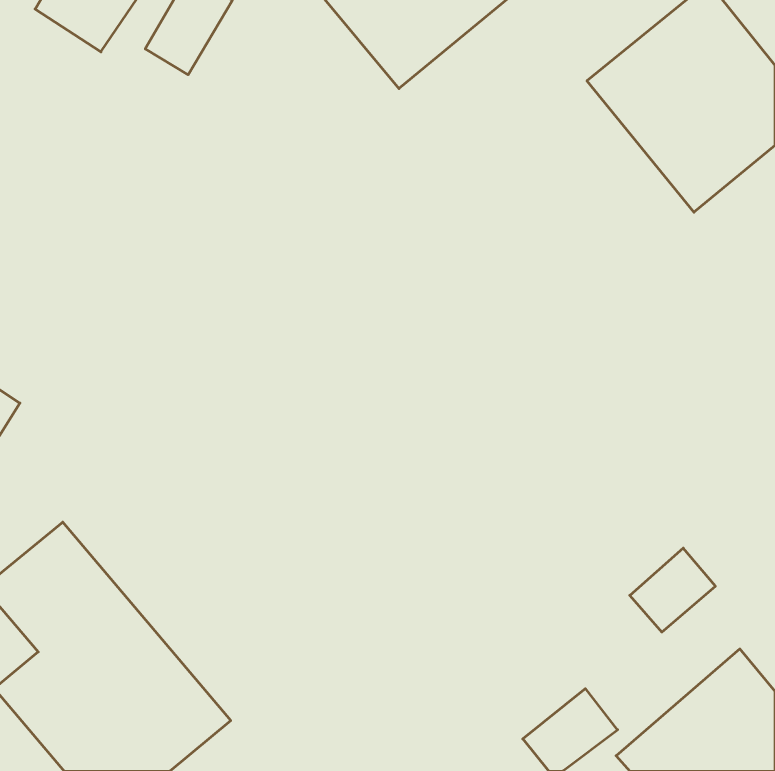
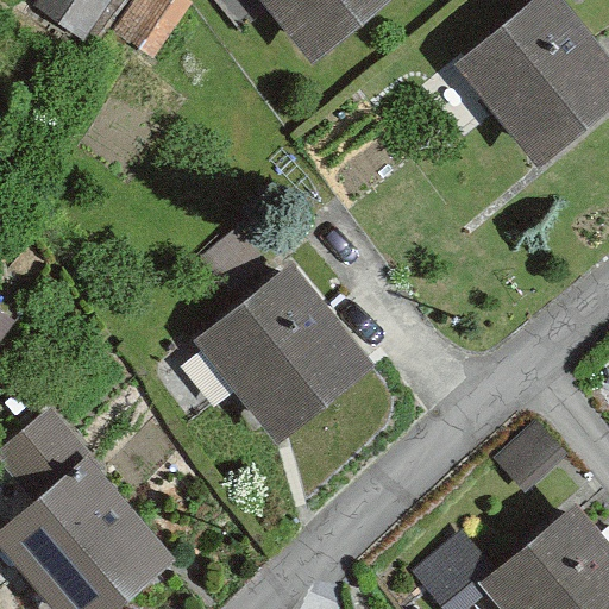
building: none -> [181,234,378,450]

